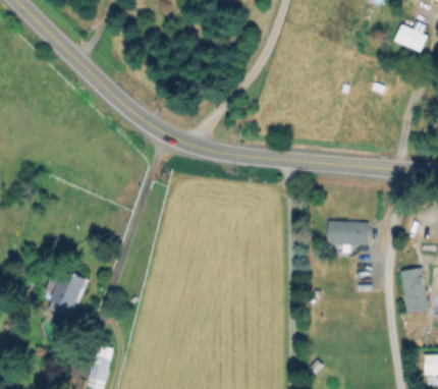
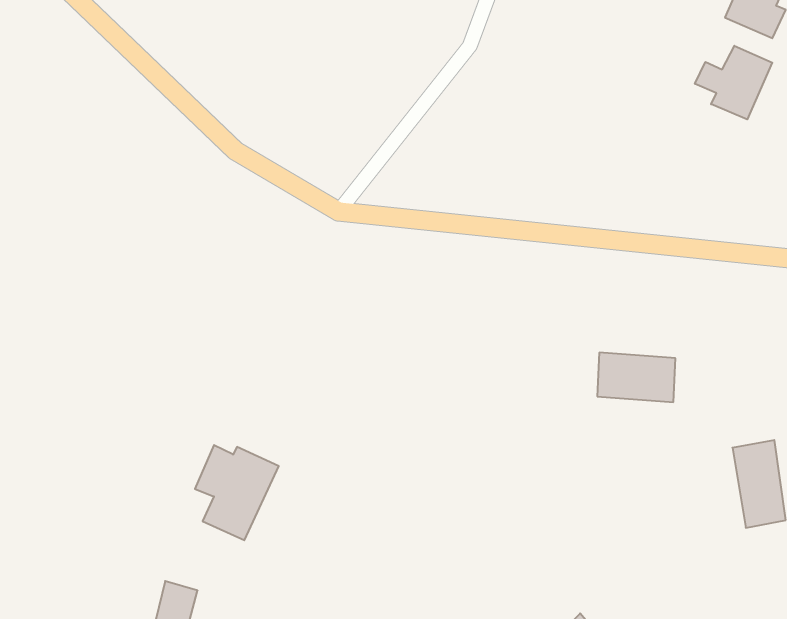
building: none -> [695,46,772,119]
building: [44,266,89,317] -> [195,445,279,540]

